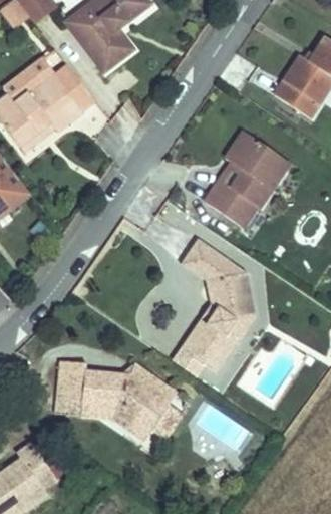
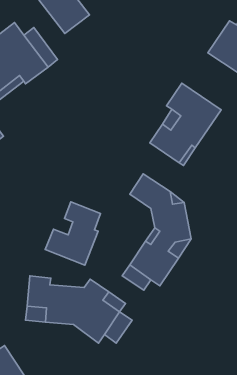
building: none -> [45,202,101,265]

